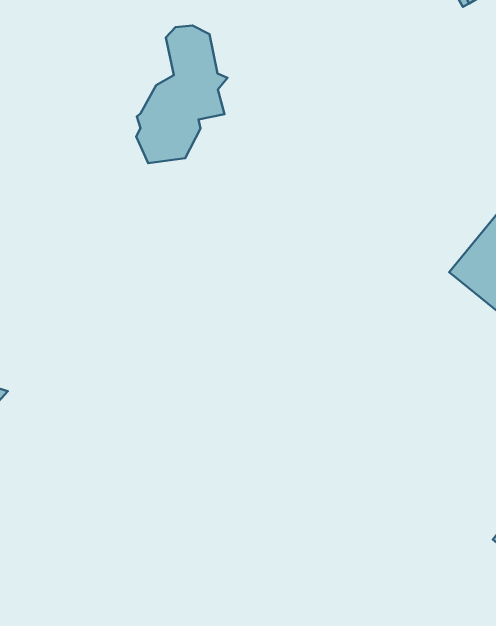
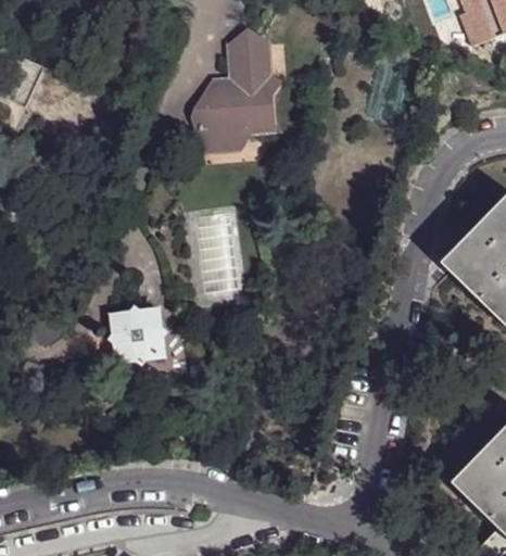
building: none -> [107,304,164,365]

